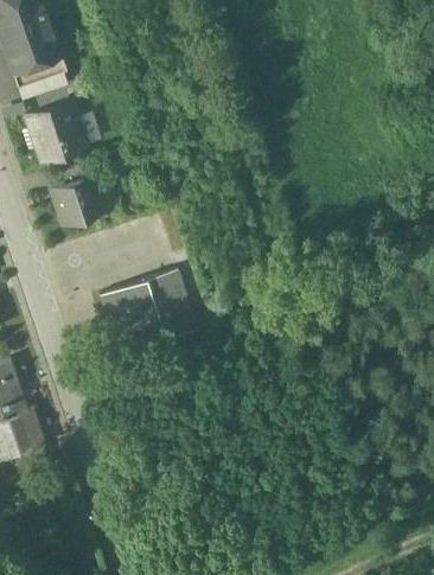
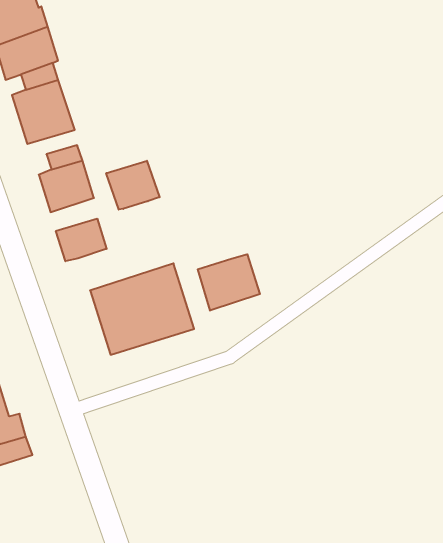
building: none -> [106,161,160,210]
building: none -> [56,219,107,261]
building: none -> [198,254,260,311]

